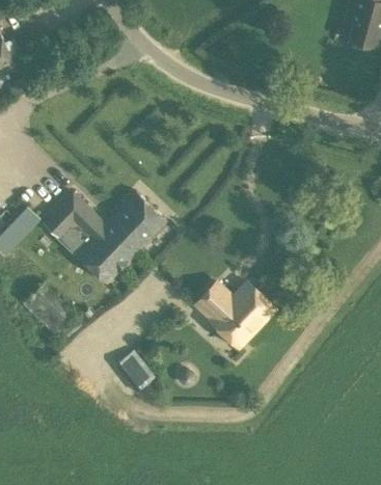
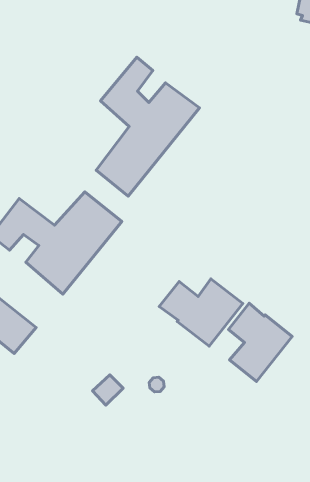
building: none -> [96,57,200,196]
building: none -> [229,303,292,382]

